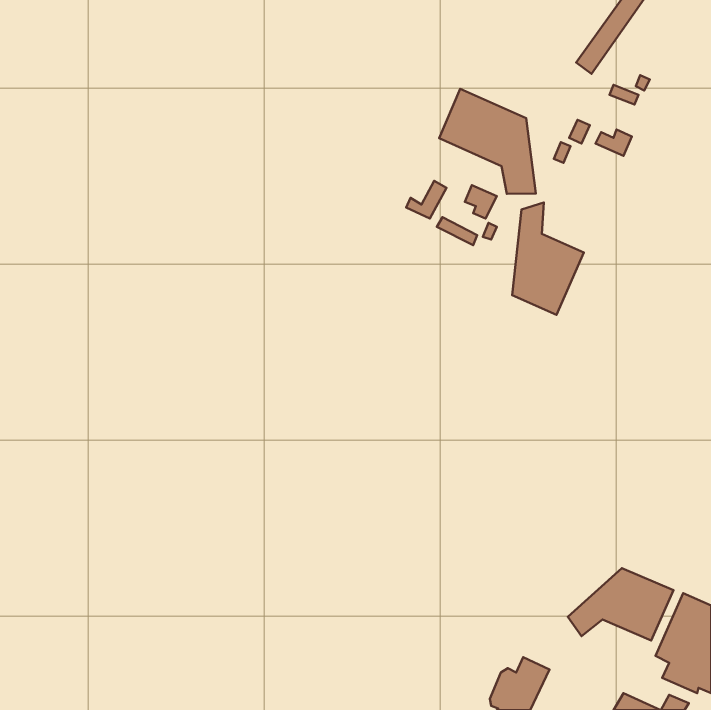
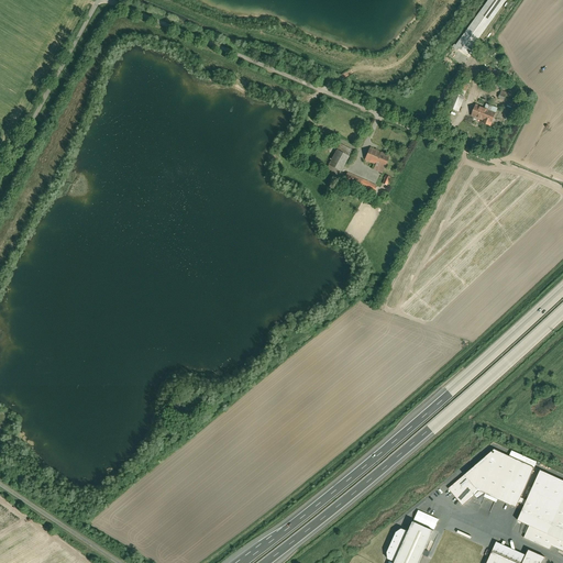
building: [439,89,536,194] -> none
building: [512,203,584,315] -> none

